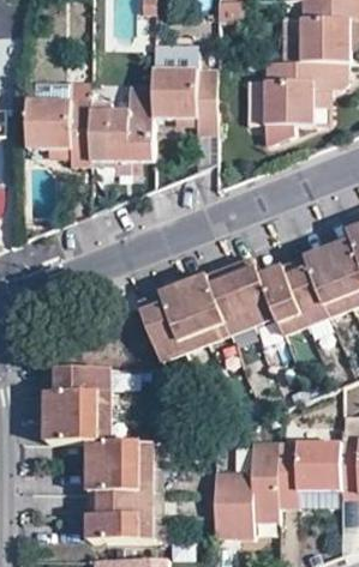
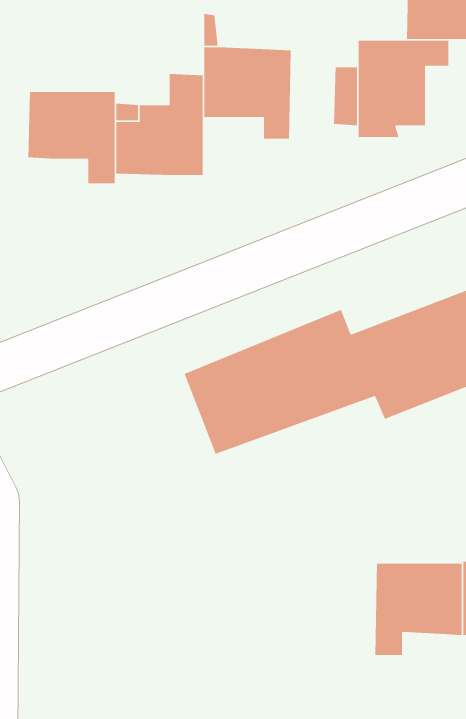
building: [46,368,152,538] -> none
building: [213,439,277,537] -> none

